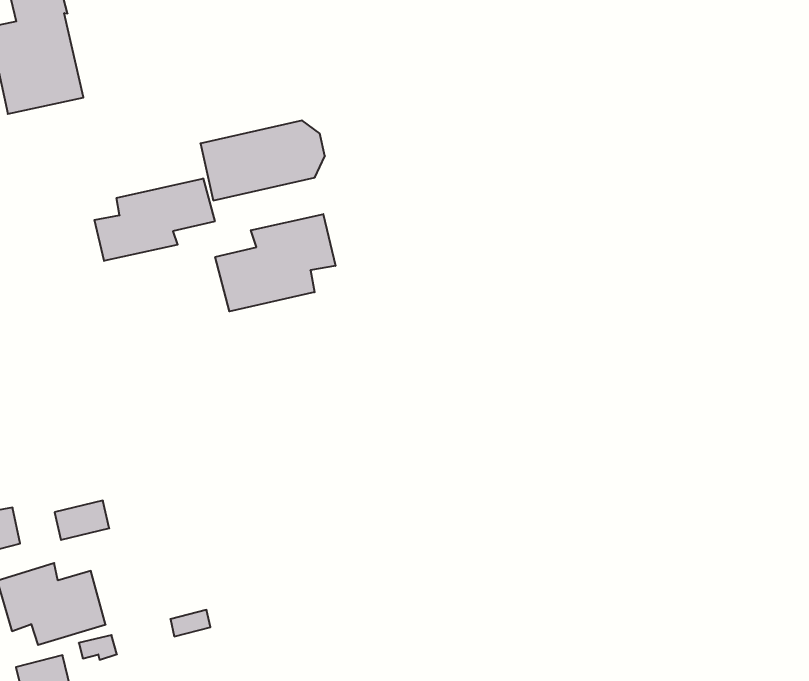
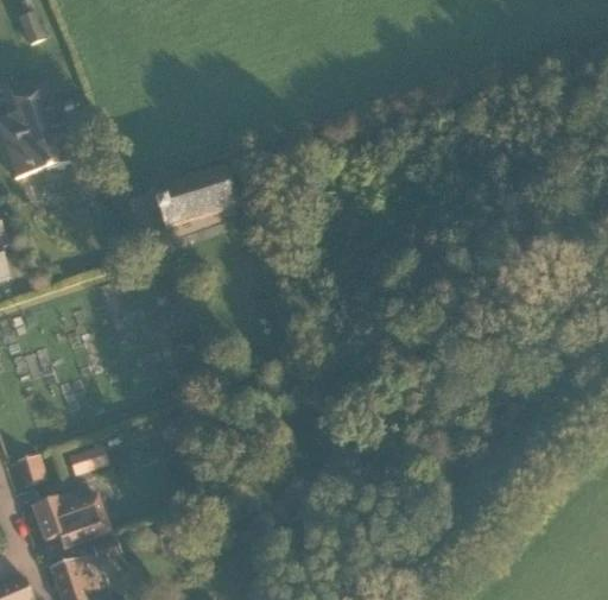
building: [94,178,215,261] -> none
building: [215,214,335,311] -> none

